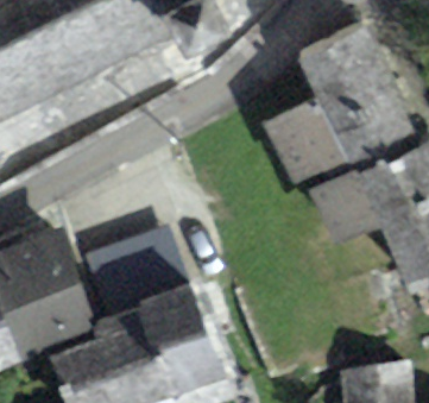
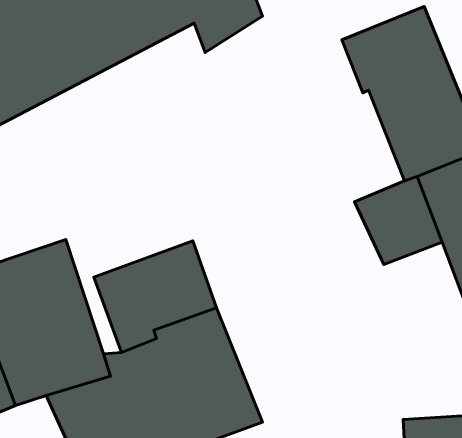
building: [260,97,351,197] -> none

